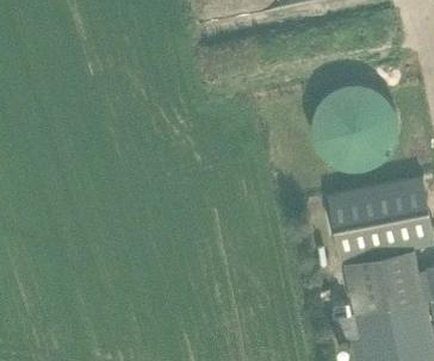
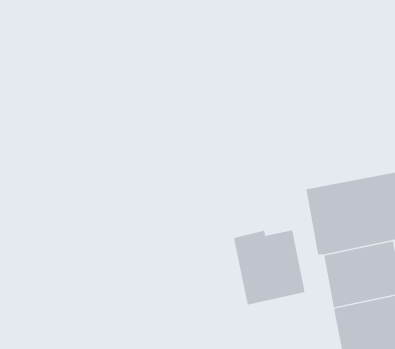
building: [312,86,401,173] -> none
building: none -> [233,230,306,306]

